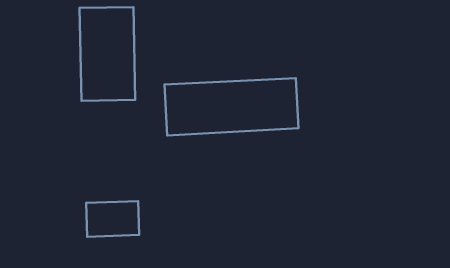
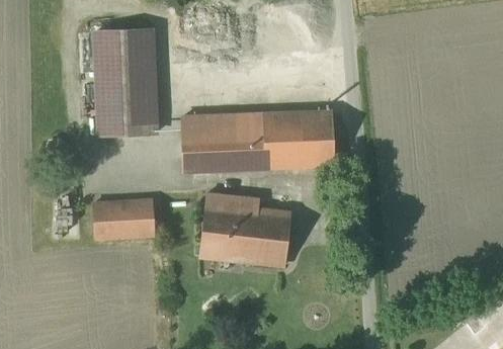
building: none -> [200,201,298,265]
building: [86,201,139,237] -> [97,198,156,238]

